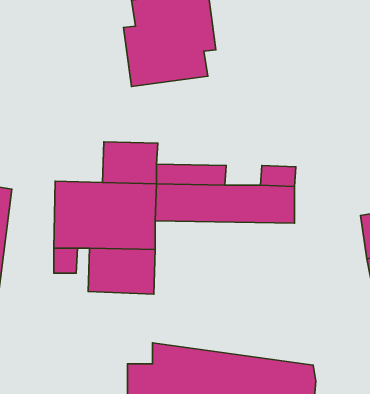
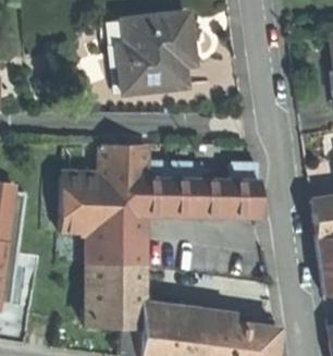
building: none -> [85,265,140,324]

